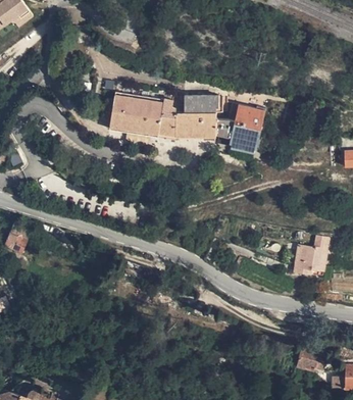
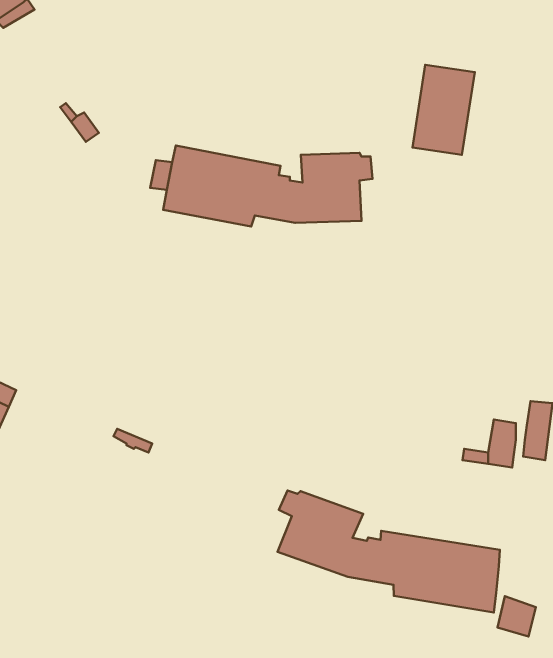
building: [228,106,262,156] -> [412,65,475,155]
building: none -> [277,491,500,612]

